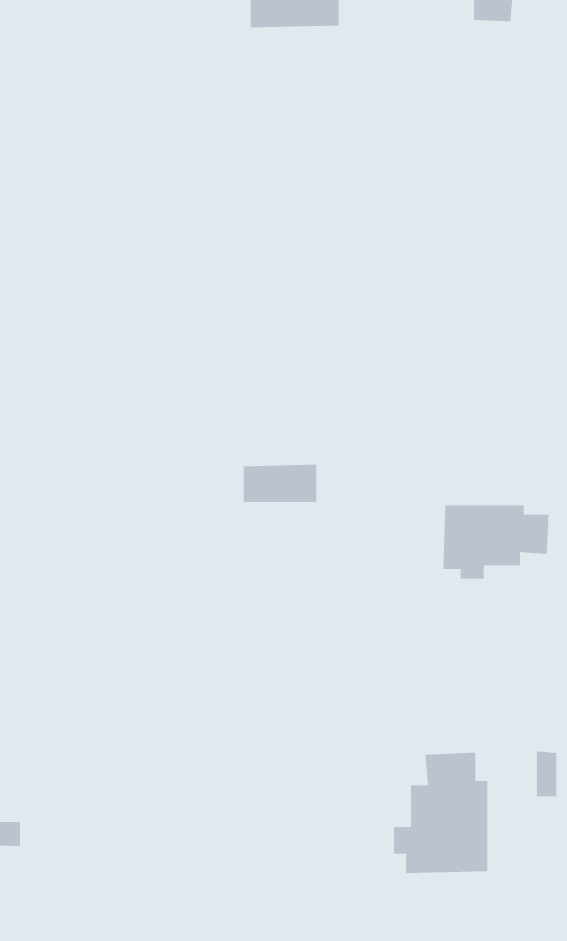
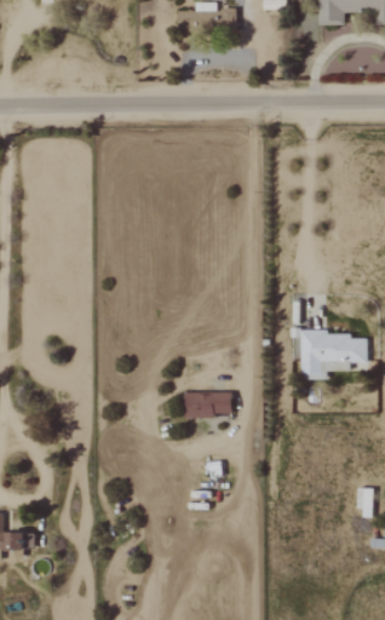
building: [243,464,317,502] -> [184,391,231,415]
building: [394,752,488,874] -> none

